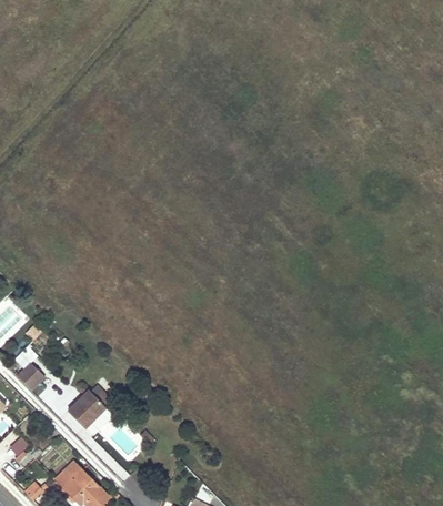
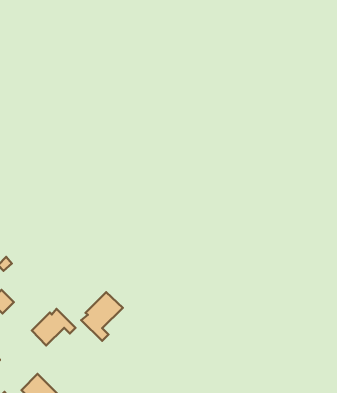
building: none -> [81,292,123,341]

